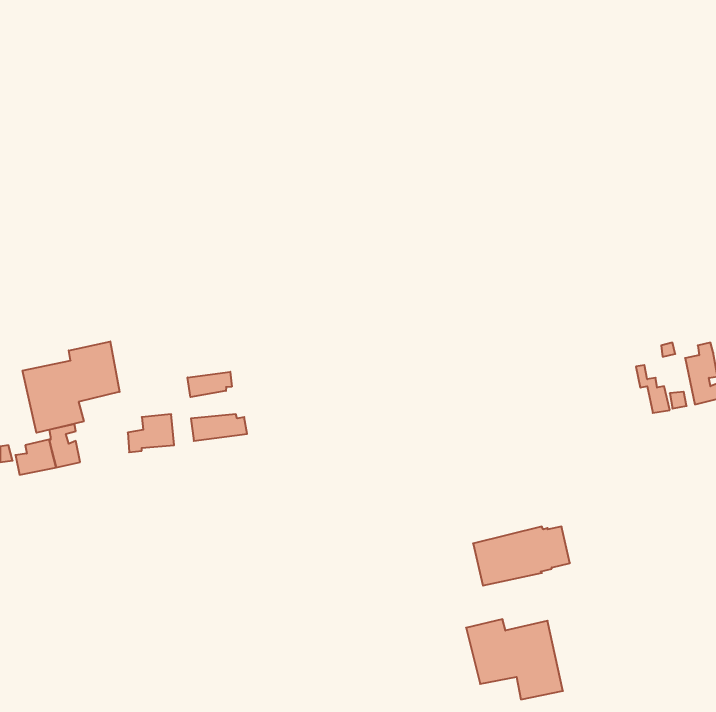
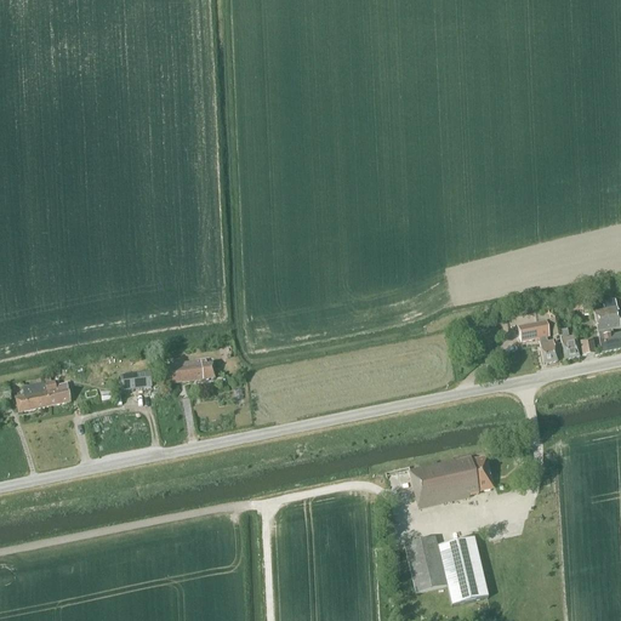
building: [23,341,120,433] -> none
building: none -> [518,319,557,361]
building: [188,372,232,397] -> none

